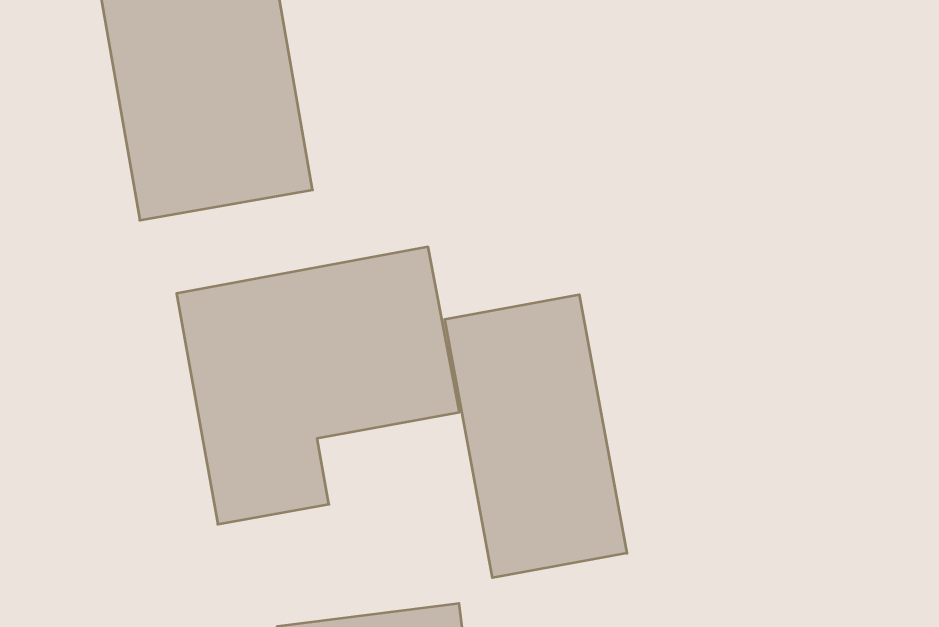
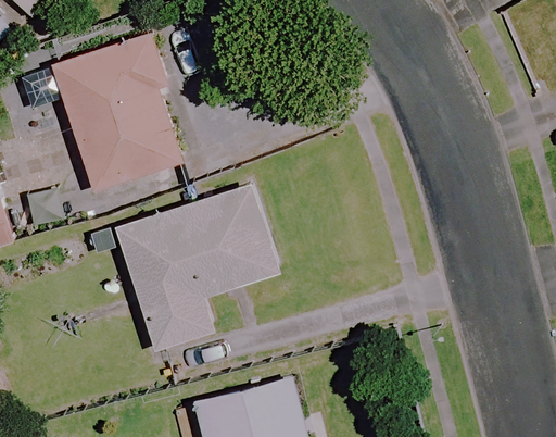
building: [445,295,627,578] -> none

